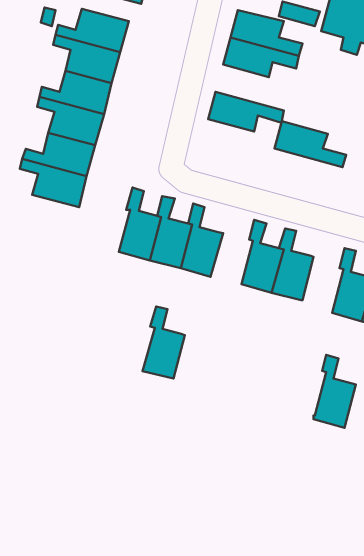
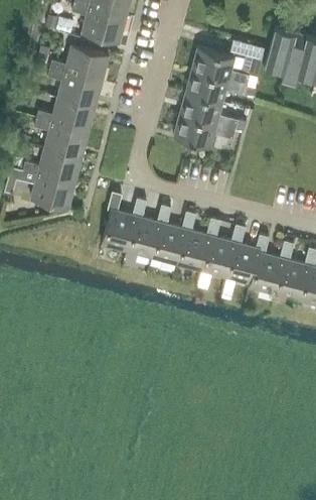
building: [274,121,346,167] -> [180,93,239,130]
building: [143,307,185,379] -> [176,213,210,271]
building: [314,355,356,428] -> [250,235,284,294]

